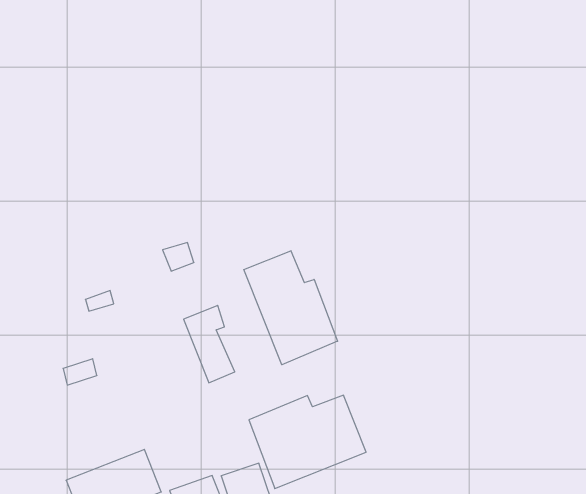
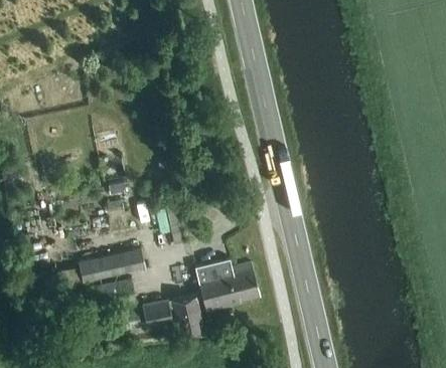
building: [244,251,338,365] -> none
building: none -> [79,247,145,282]

